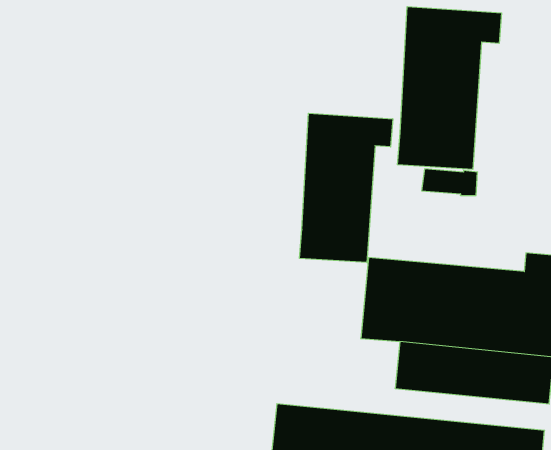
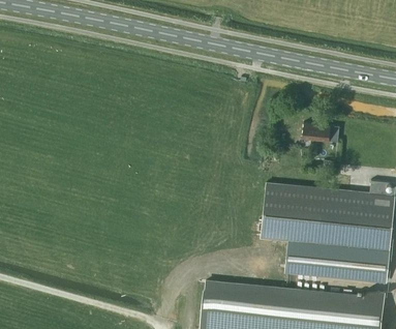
building: [397,7,501,169] -> none
building: [300,113,393,263] -> none

